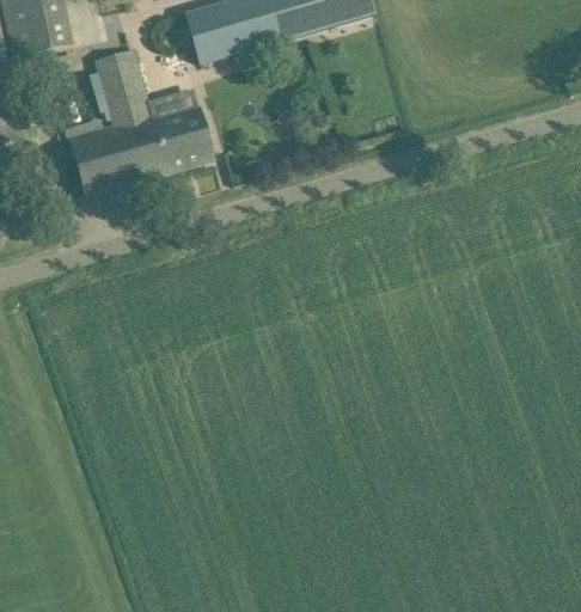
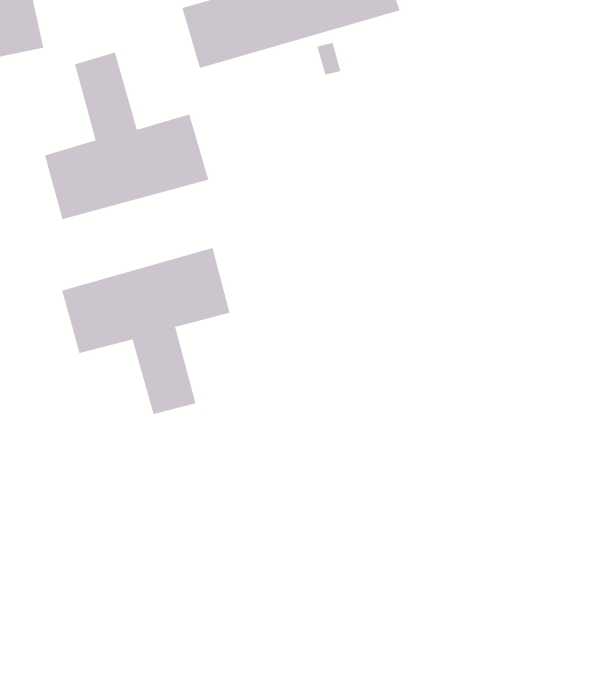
building: none -> [61,247,230,415]

